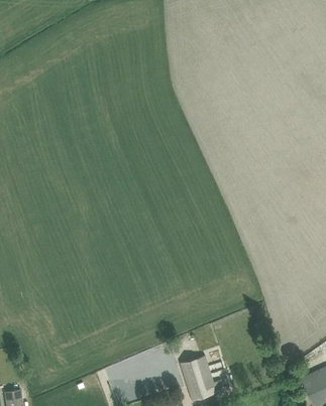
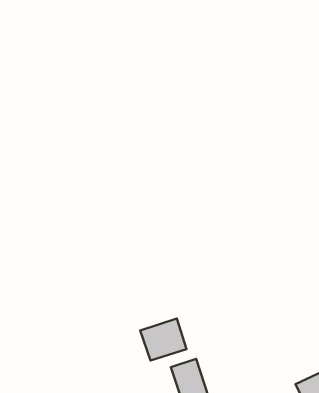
building: none -> [140,318,187,360]

